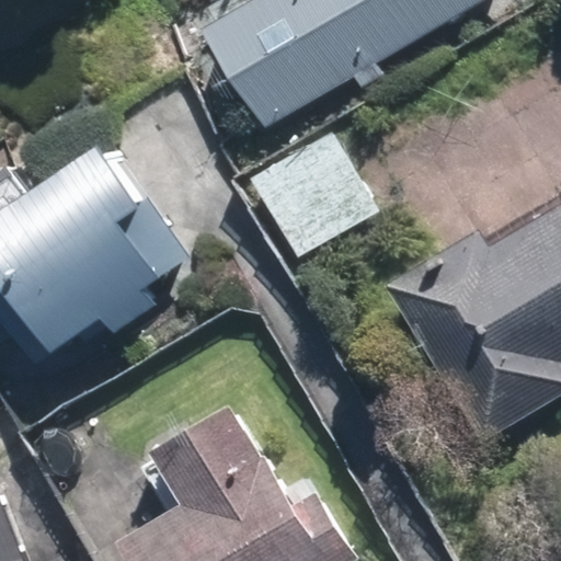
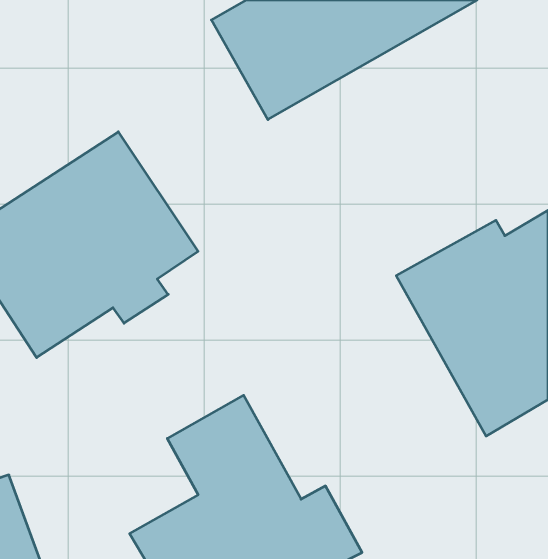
building: [252,131,378,256] -> none

